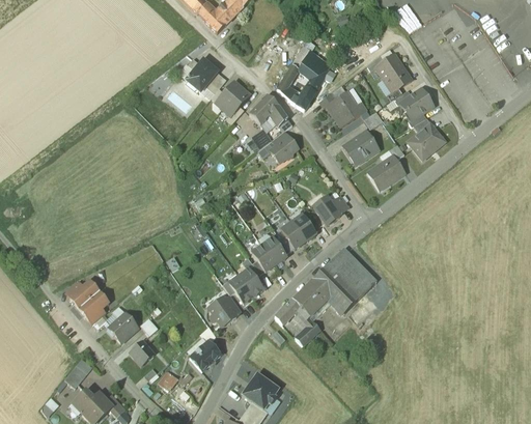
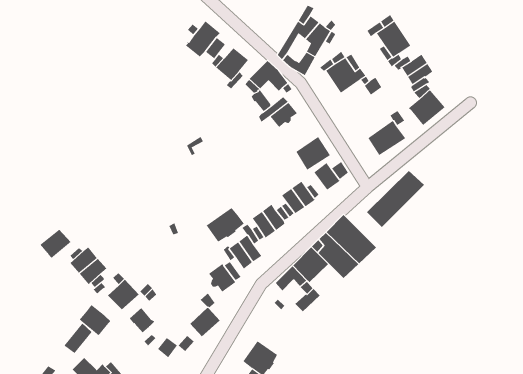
building: [343,131,379,165] -> [295,136,331,171]
building: none -> [366,170,425,228]
building: none -> [206,207,245,243]
building: none -> [39,229,71,259]
building: none -> [79,304,111,336]

